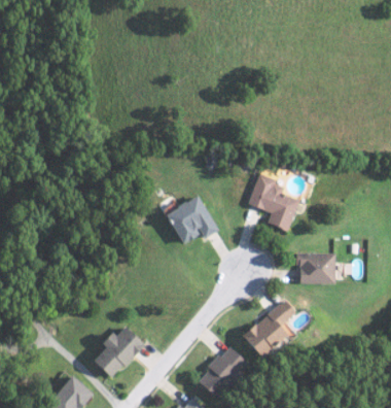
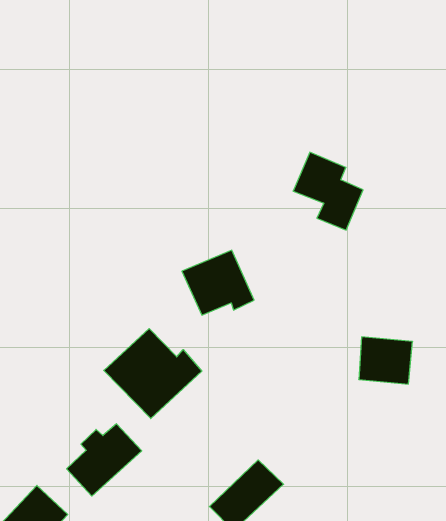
building: [249,176,299,231] -> [293,152,363,230]
building: none -> [104,329,202,419]
building: [241,300,296,359] -> none

